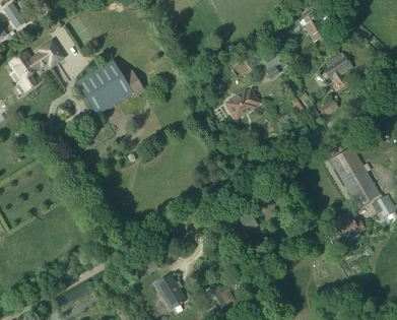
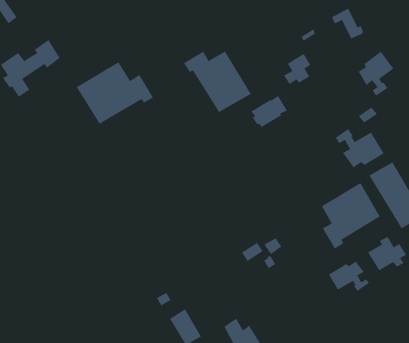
building: none -> [183,51,252,113]
building: none -> [335,128,385,168]
building: none -> [321,182,380,249]
building: none -> [328,261,370,292]

